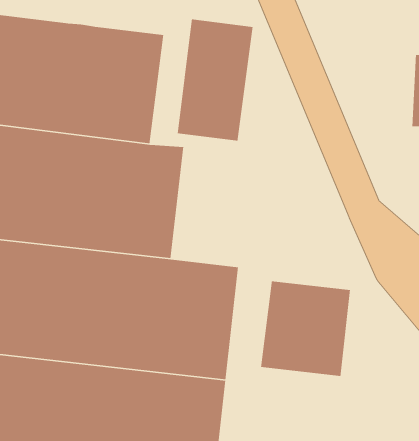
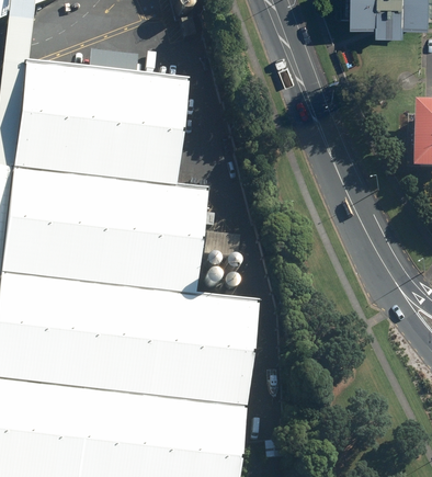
building: [177,18,254,142] -> none
building: [260,280,351,377] -> none

